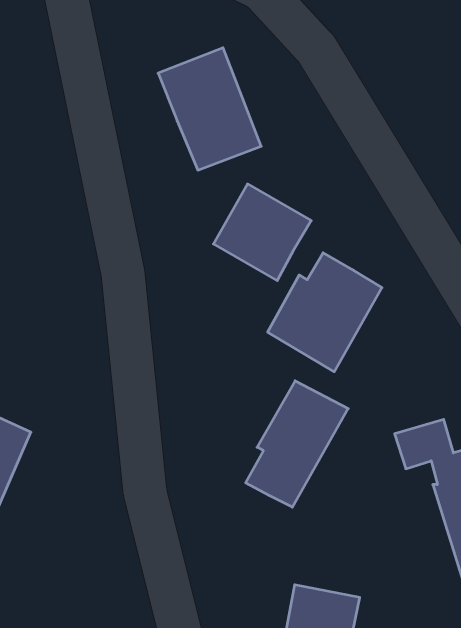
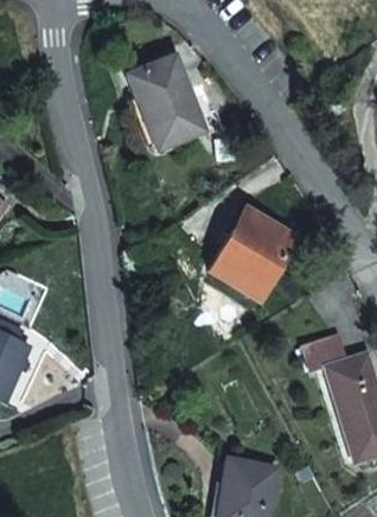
building: [213,184,311,281] -> none
building: [246,381,348,507] -> none

